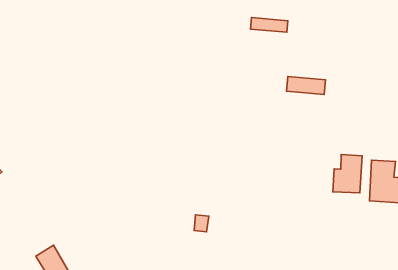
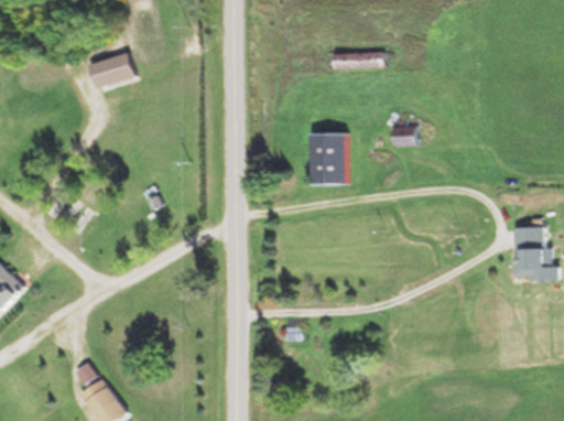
building: none -> [89,53,135,89]
building: none -> [314,132,348,183]
building: [333,155,362,193] -> none

